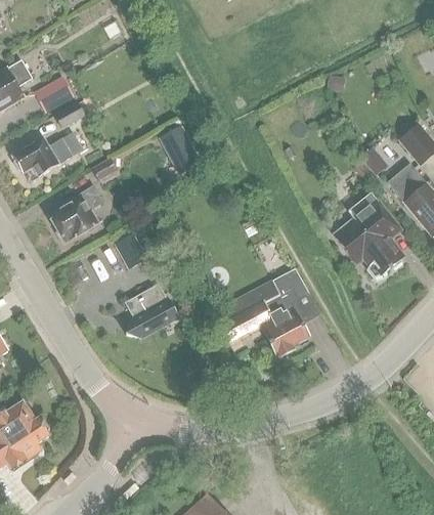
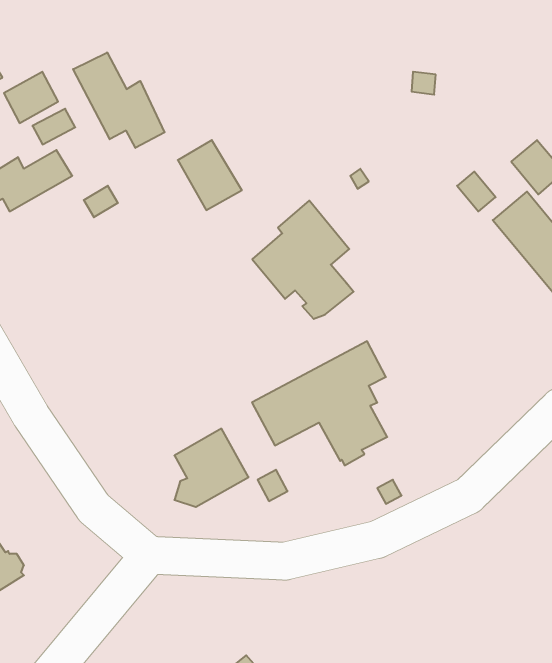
building: none -> [73,52,165,148]
building: [48,185,102,244] -> none
building: [330,192,402,277] -> [252,201,354,319]
building: [113,233,146,269] -> none
building: [124,283,177,339] -> [174,429,249,507]

